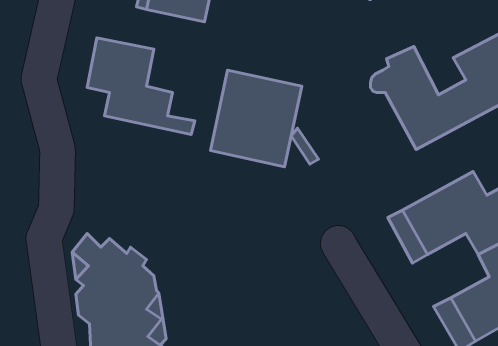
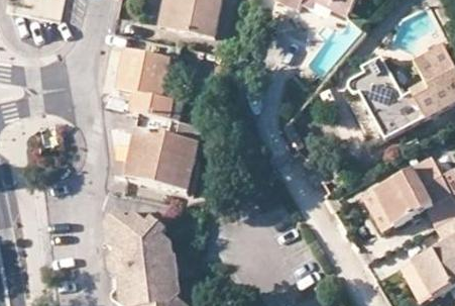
building: [210,70,302,167] -> [127,113,202,192]

